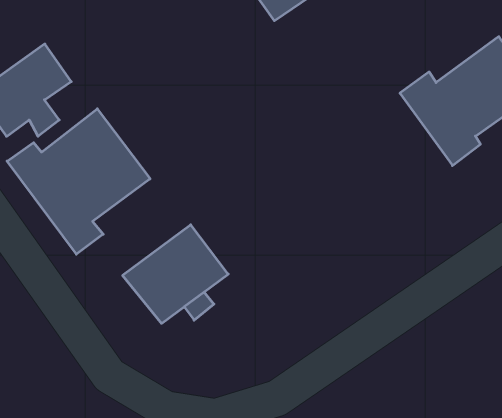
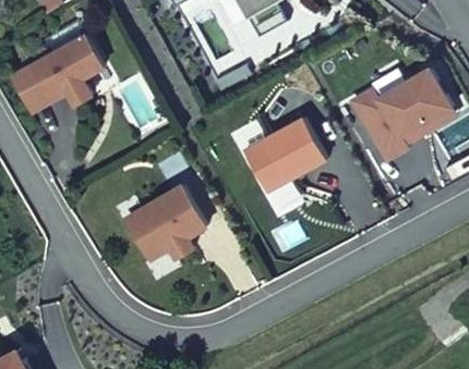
building: [7,109,150,254] -> none
building: none -> [239,121,316,193]

